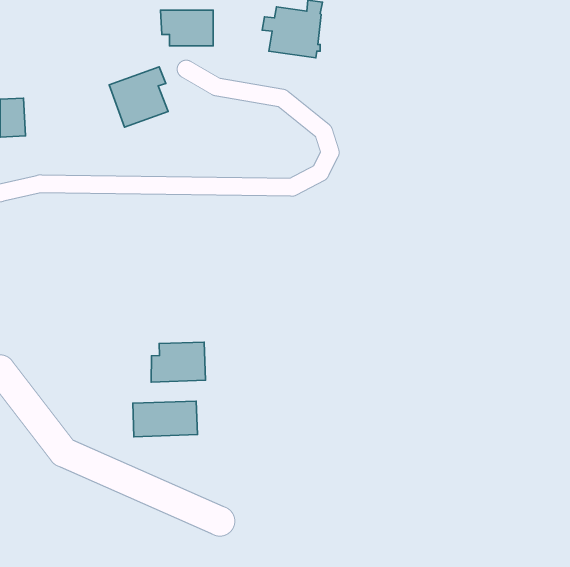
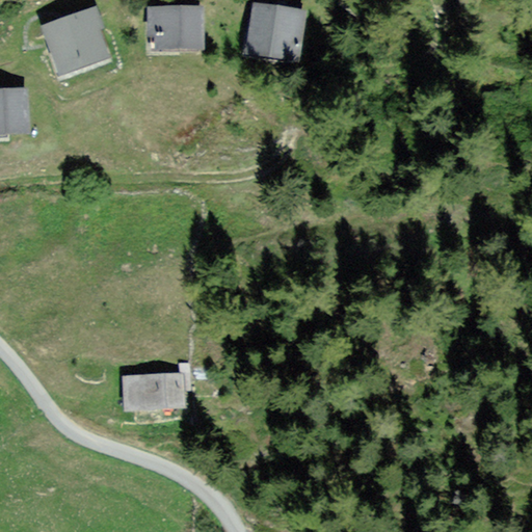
building: [109,67,168,127] -> [47,10,102,66]
building: [151,342,206,382] -> none

